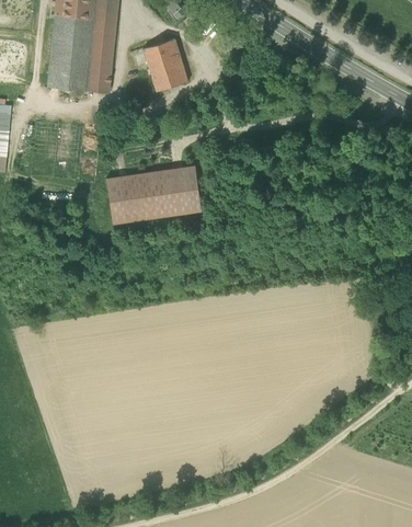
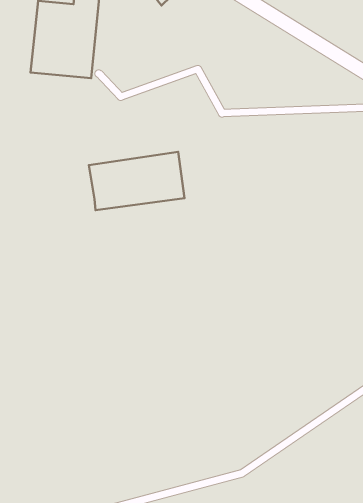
building: [142,38,187,92] -> none

